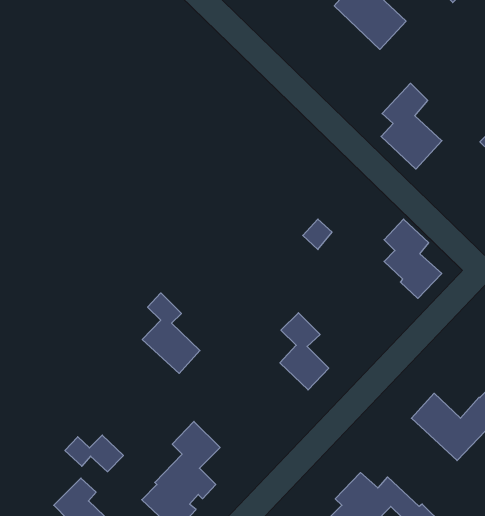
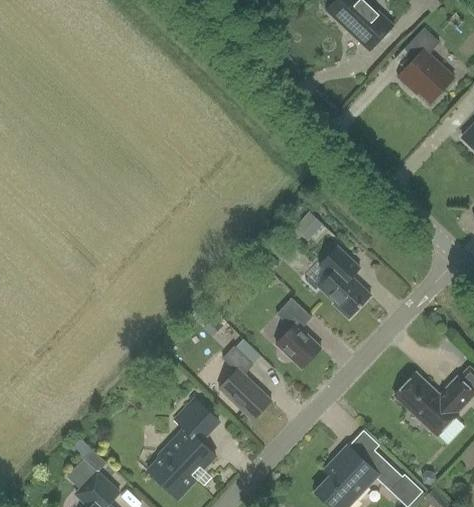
building: [381,83,442,169] -> [397,28,453,107]
building: [384,219,442,298] -> [320,244,373,317]
building: [142,293,200,373] -> [217,345,270,419]
building: [65,435,123,472] -> none

